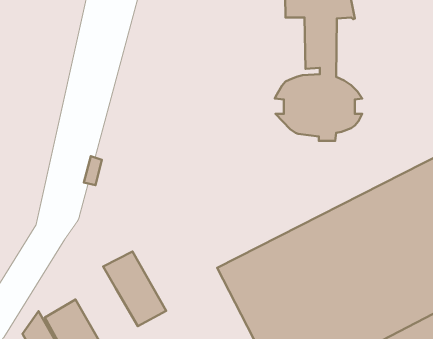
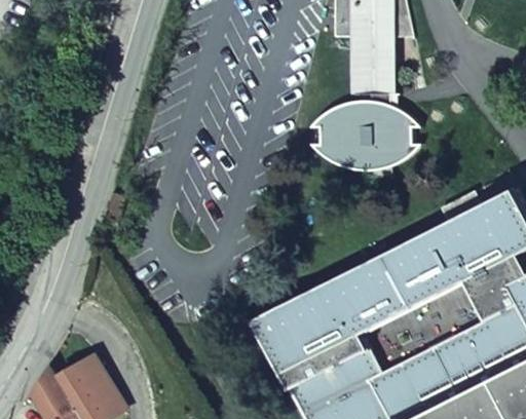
building: [103,252,166,326] -> none

